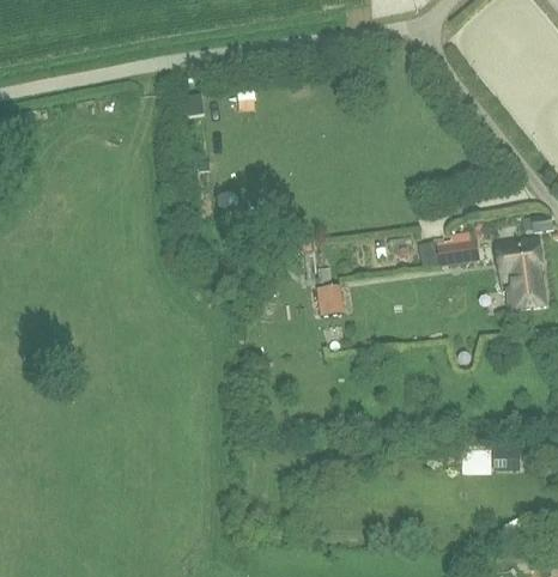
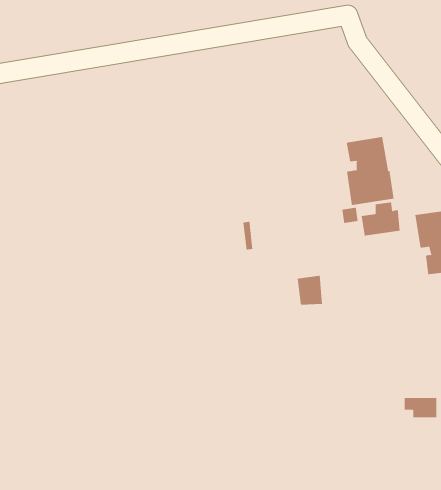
building: none -> [346,136,394,206]
building: [316,283,345,316] -> [297,275,323,305]

